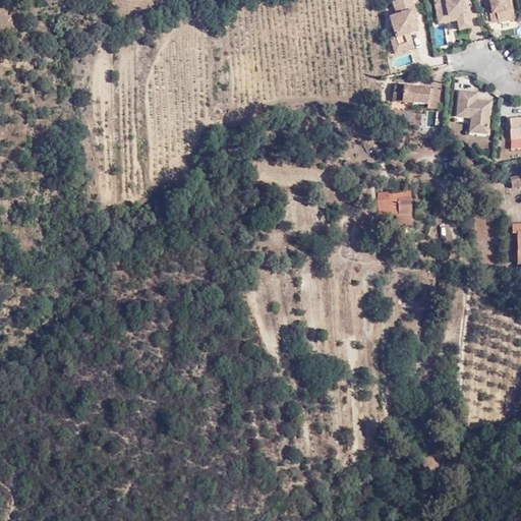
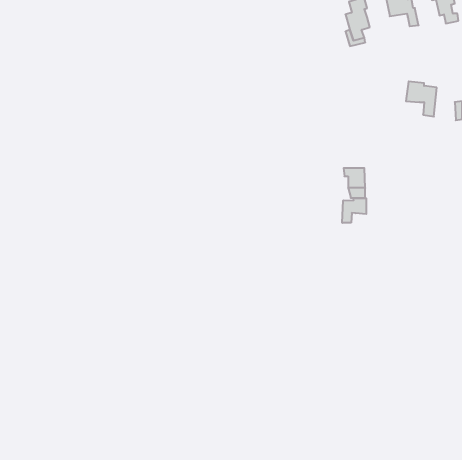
building: [392,84,438,107] -> none
building: none -> [342,198,366,223]

